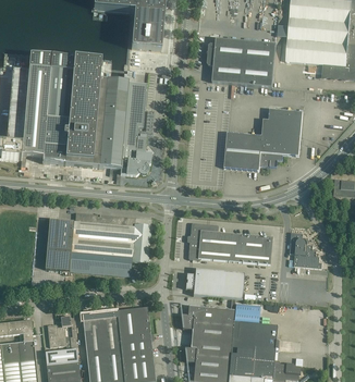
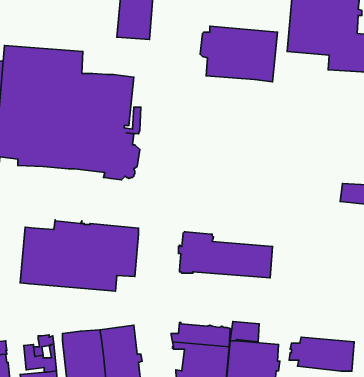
building: [223,108,302,170] -> none
building: [289,232,321,268] -> none
building: [184,268,243,298] -> [289,337,354,371]

